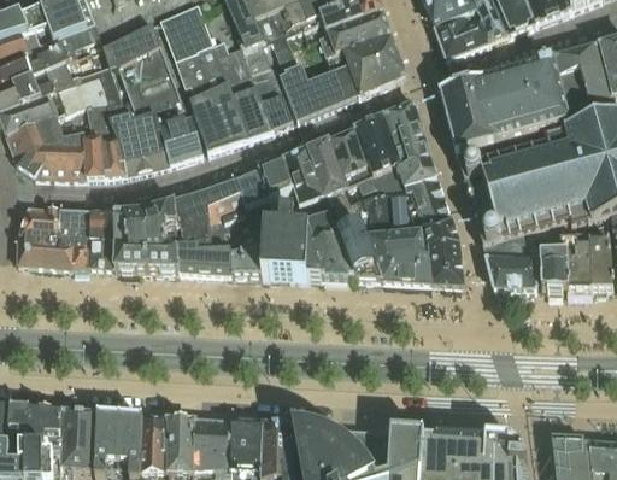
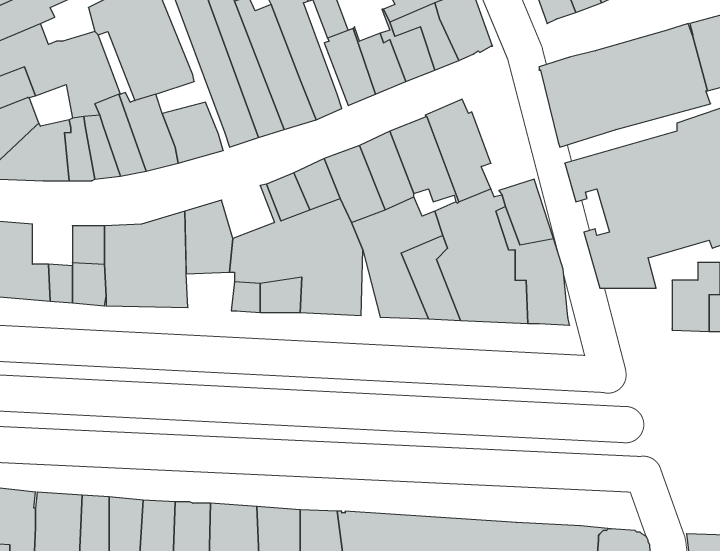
building: [387,104,437,188] -> none
building: [202,180,242,219] -> none
building: [60,209,90,240] -> none
building: [176,245,212,274] -> none
building: [487,257,537,288] -> none

